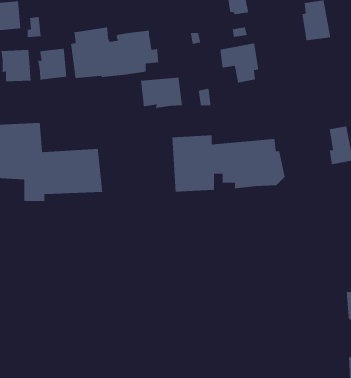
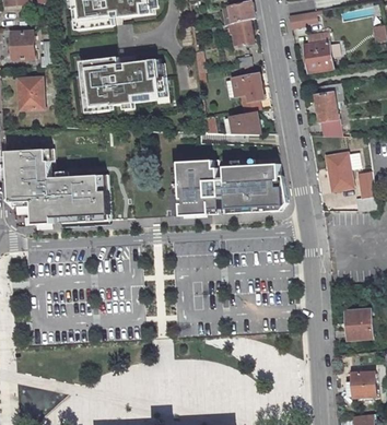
building: [37,48,67,80] -> none
building: none -> [315,82,344,135]
building: [140,77,183,109] -> none
building: none -> [230,109,273,133]

